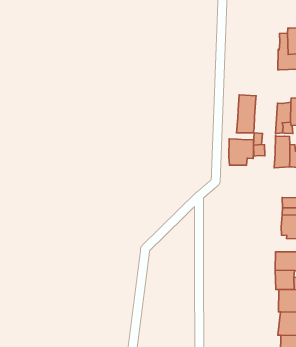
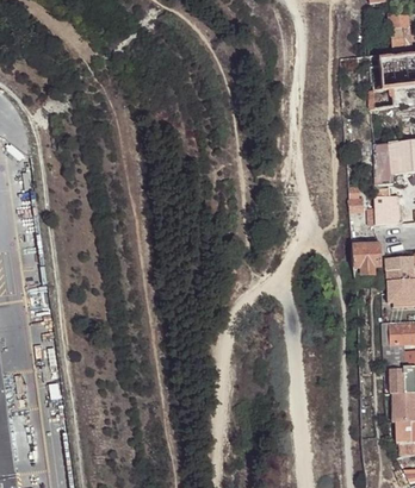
building: [236,95,256,133] -> none
building: [229,139,254,165] -> [351,243,380,275]

